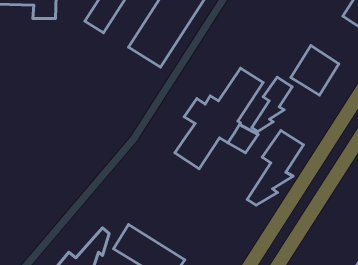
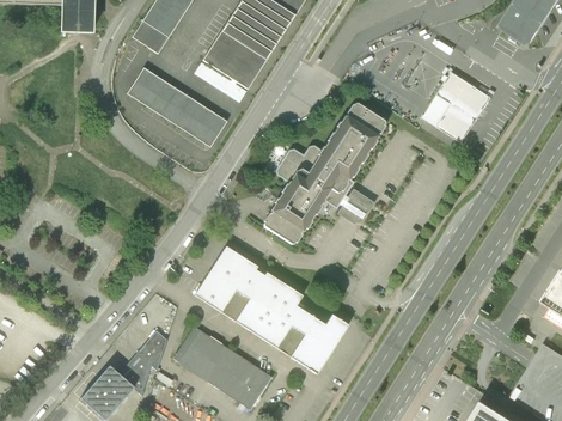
building: none -> [127,68,226,147]
building: [252,77,292,131] -> none
building: [247,130,303,205] -> none
building: none -> [194,245,347,372]

